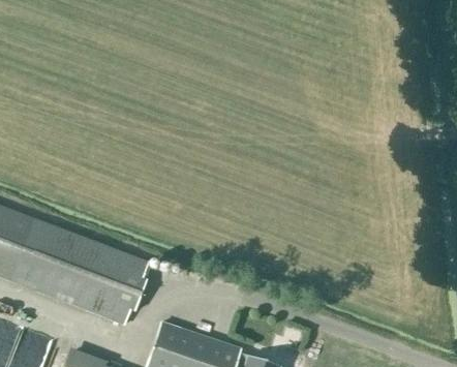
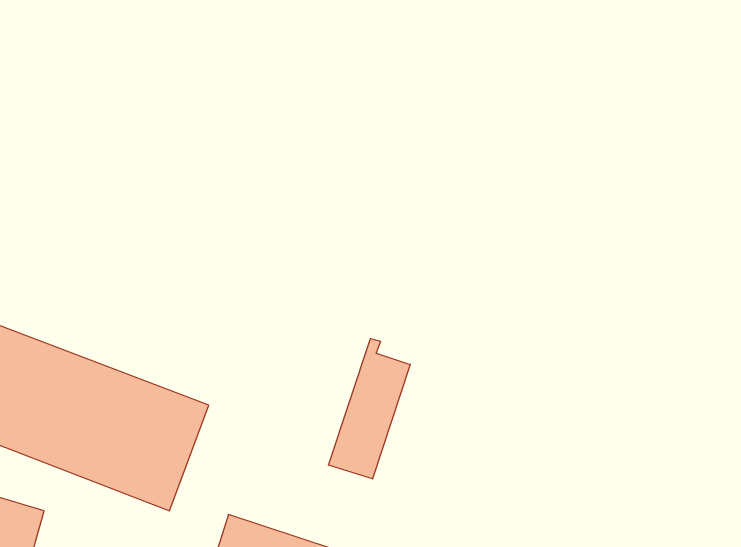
building: none -> [328,339,410,479]

